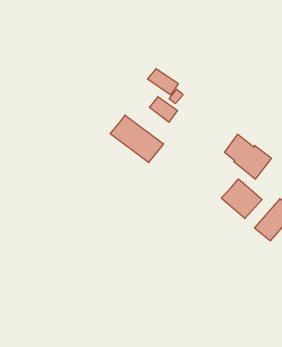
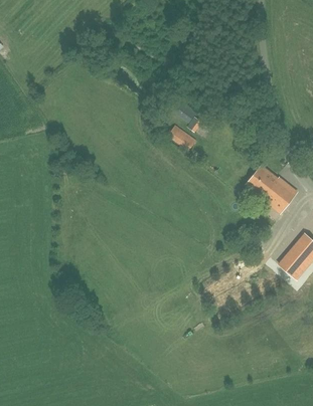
building: [110,115,164,163] -> none
building: [221,179,262,219] -> none

